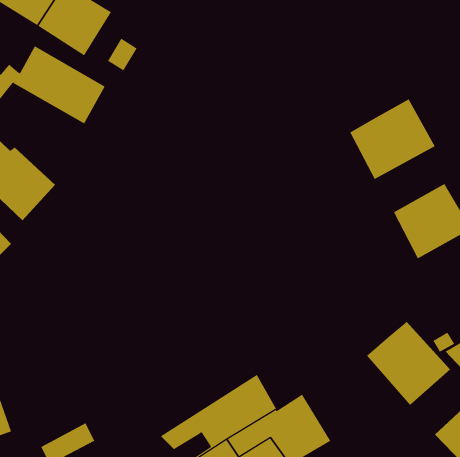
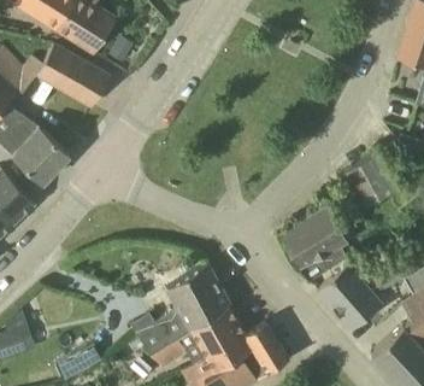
building: [349,99,435,180] -> none
building: none -> [278,205,348,281]
building: none -> [131,263,230,355]

